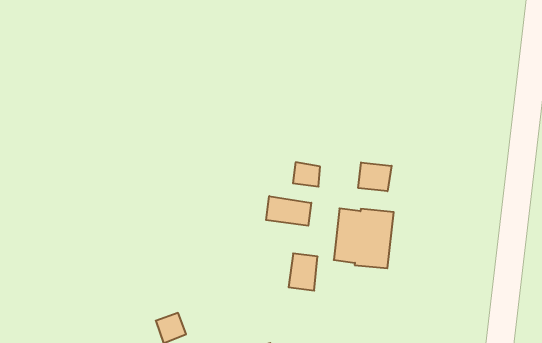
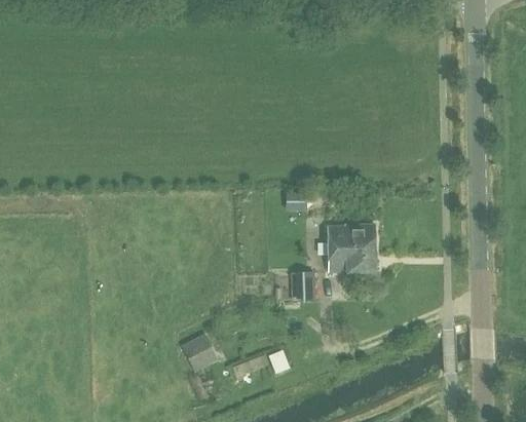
building: [358,162,392,191] -> none
building: [266,196,311,226] -> none

